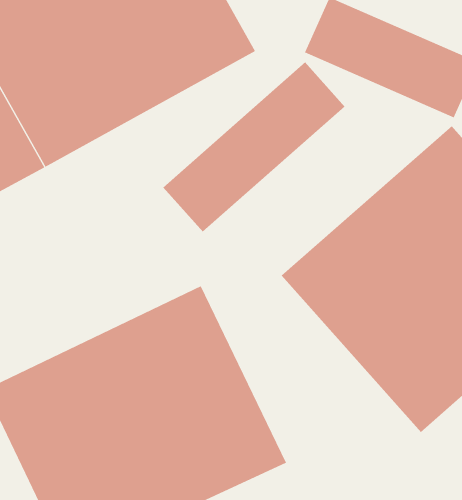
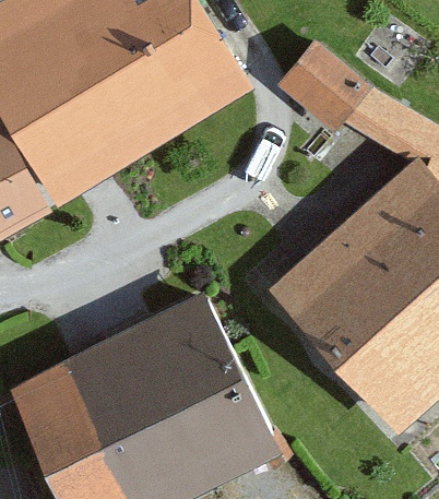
building: [162,62,345,233] -> none

